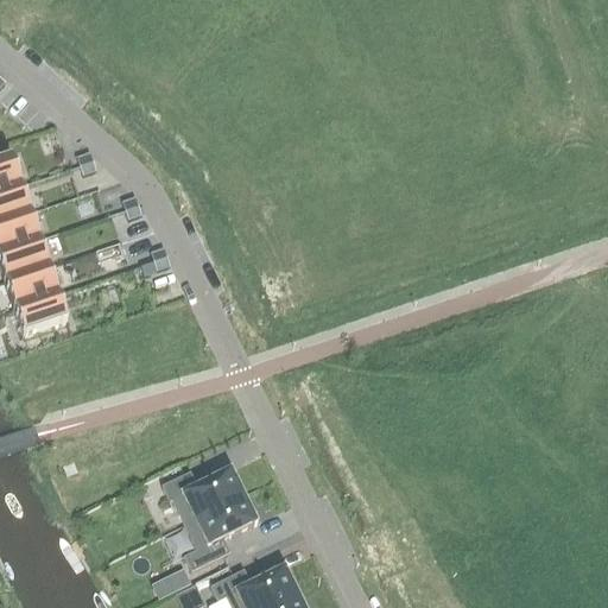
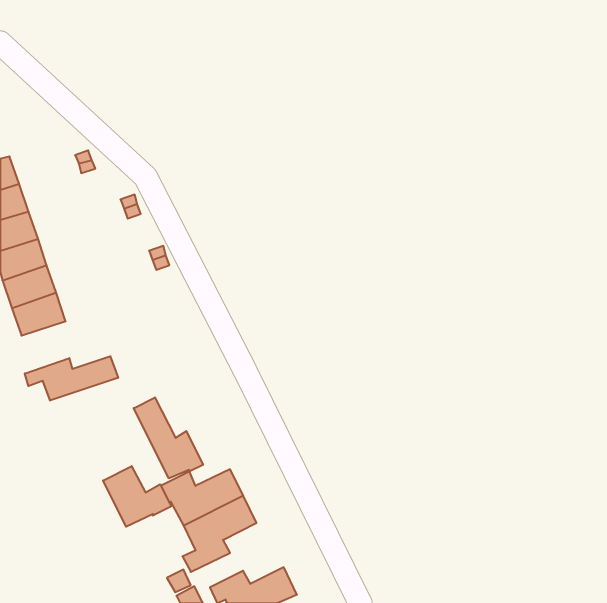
building: none -> [25,356,118,401]
building: none -> [134,397,203,478]
building: none -> [103,466,171,527]

